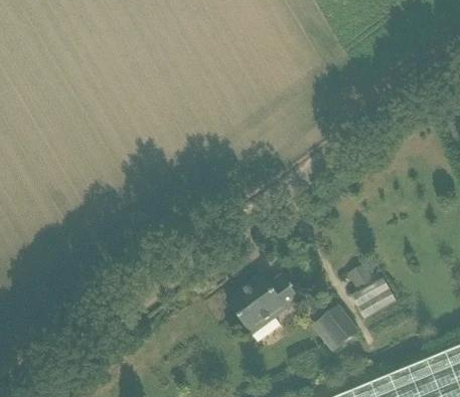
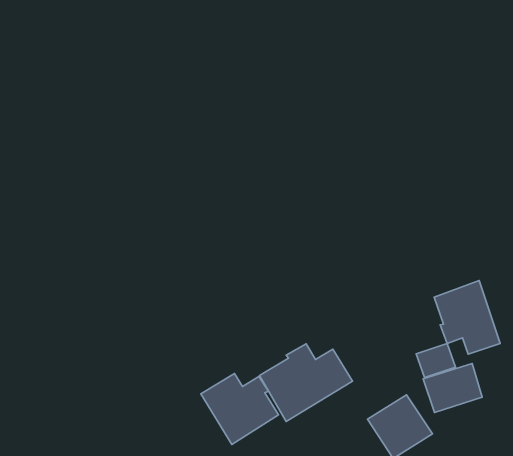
building: none -> [434,281,500,354]
building: none -> [201,374,279,445]

